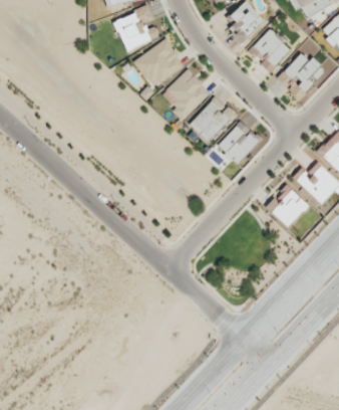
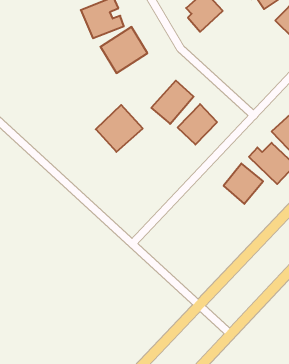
building: [248,29,291,71] -> none
building: [278,52,323,98] -> none
building: [160,68,211,119] -> [96,105,143,152]

